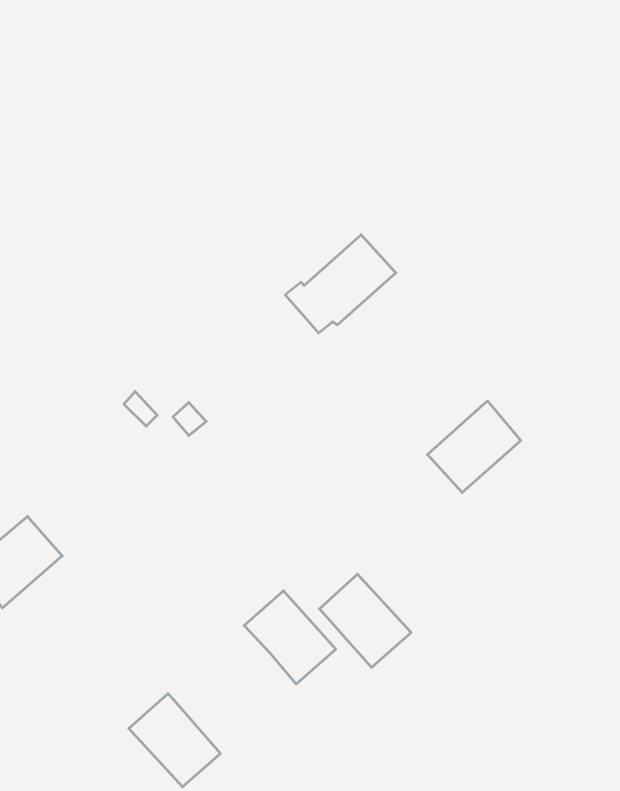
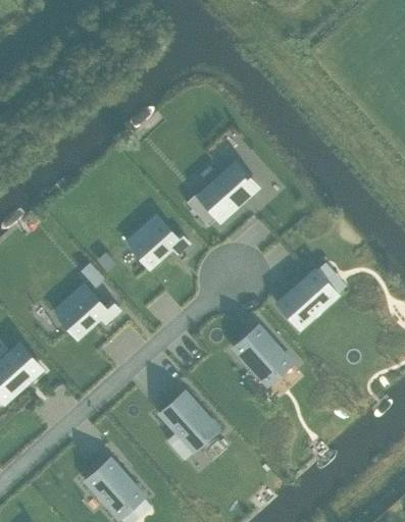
building: none -> [130,219,187,266]
building: none -> [58,289,115,335]
building: [319,574,411,667] -> [232,323,291,383]

